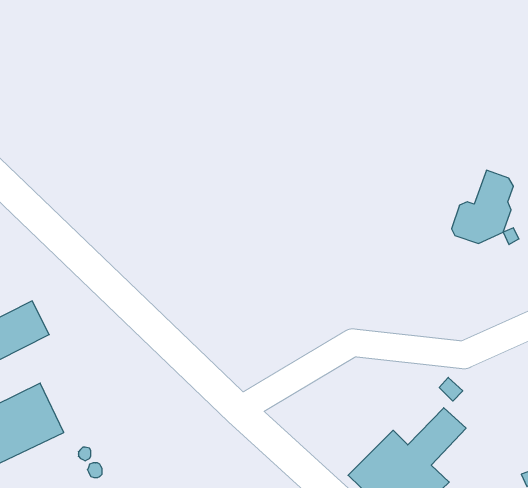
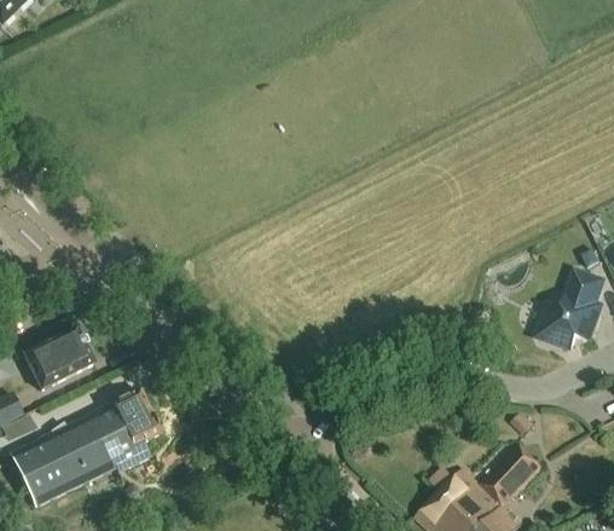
building: [452,170,513,243] -> [537,270,603,348]
building: none -> [83,392,160,474]

